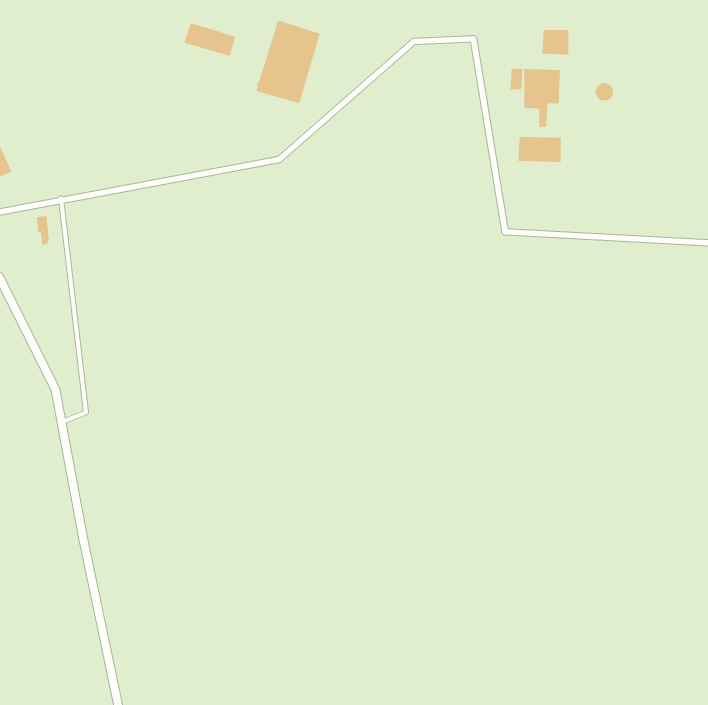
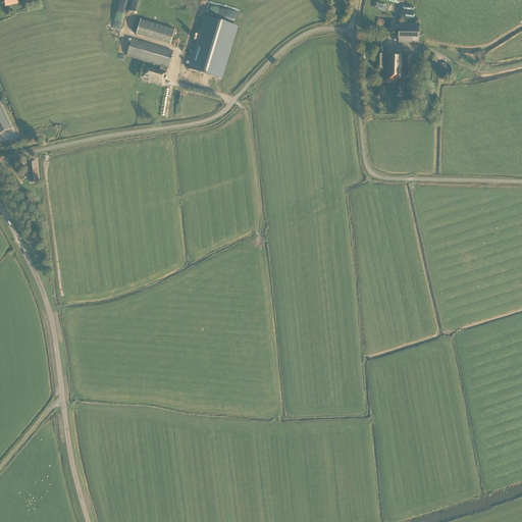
building: none -> [125,37,171,83]
building: [517,136,562,163] -> none

